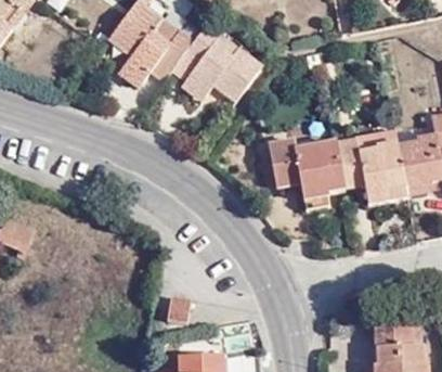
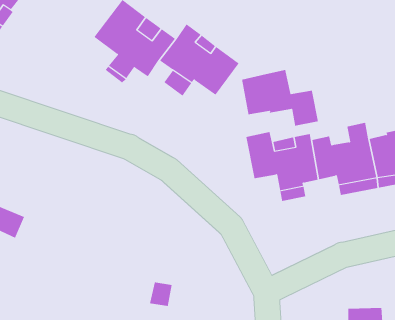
building: none -> [241,69,318,126]

